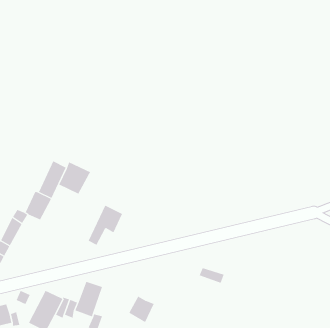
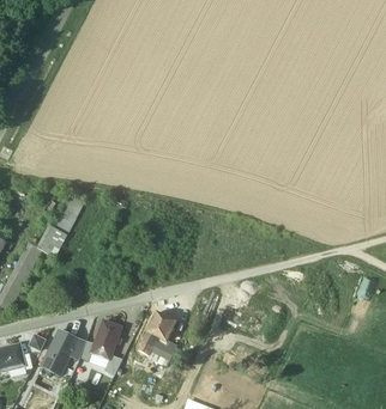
building: [58,162,91,195] -> none
building: [88,205,123,245] -> [139,311,176,354]

